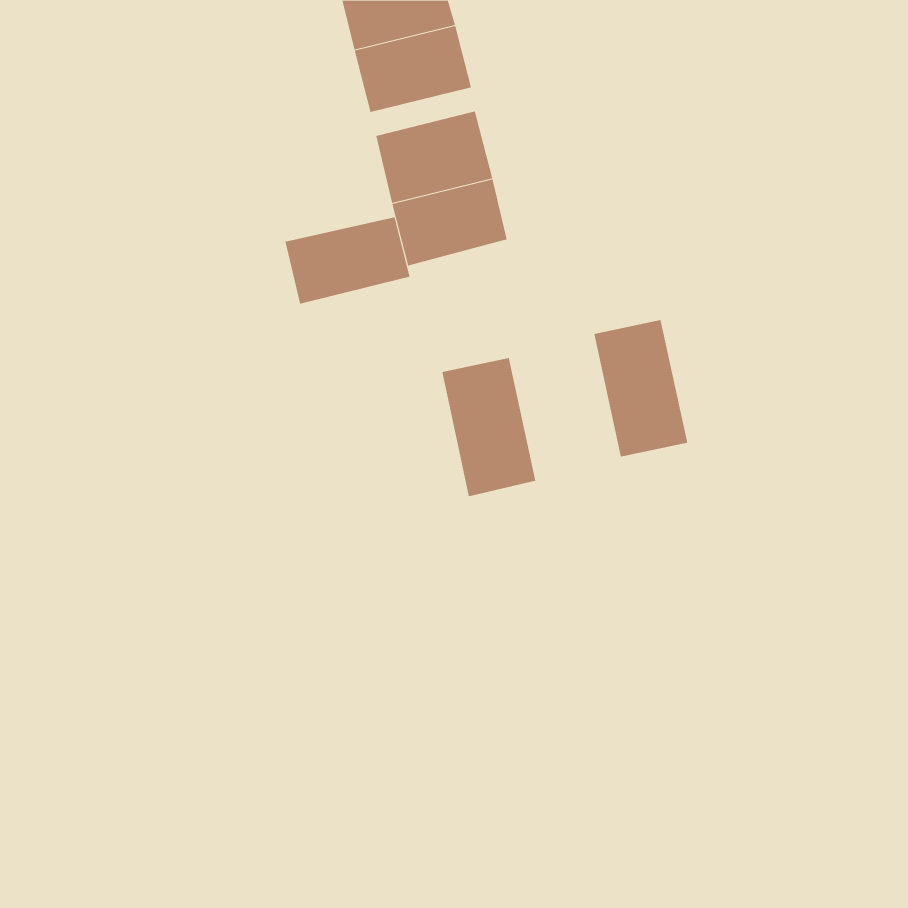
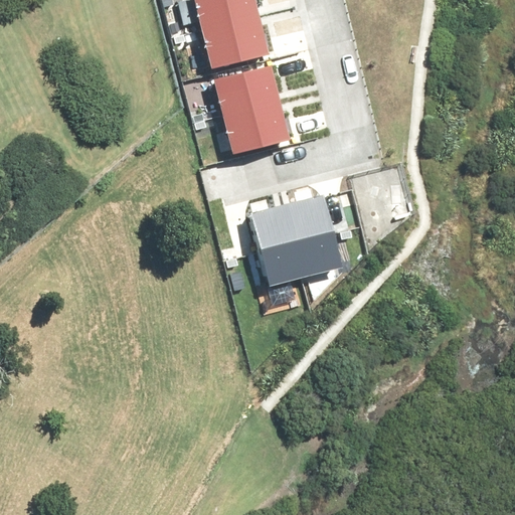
building: [285,216,410,304] -> none
building: [593,319,688,457] -> [290,196,343,274]

